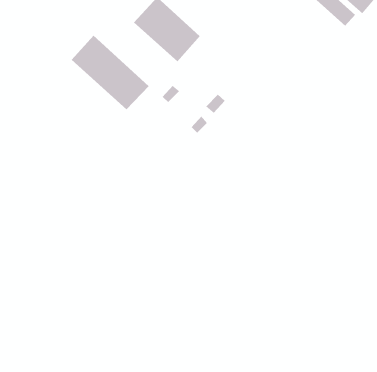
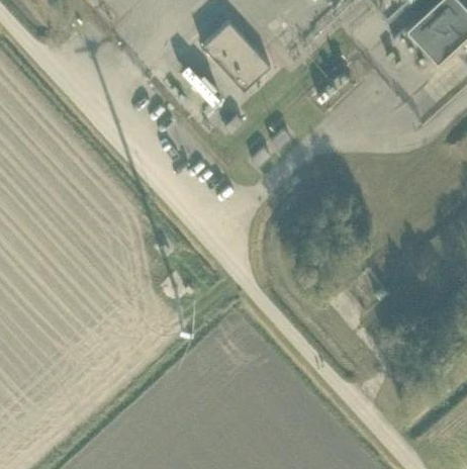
building: [71,35,149,110] -> none

